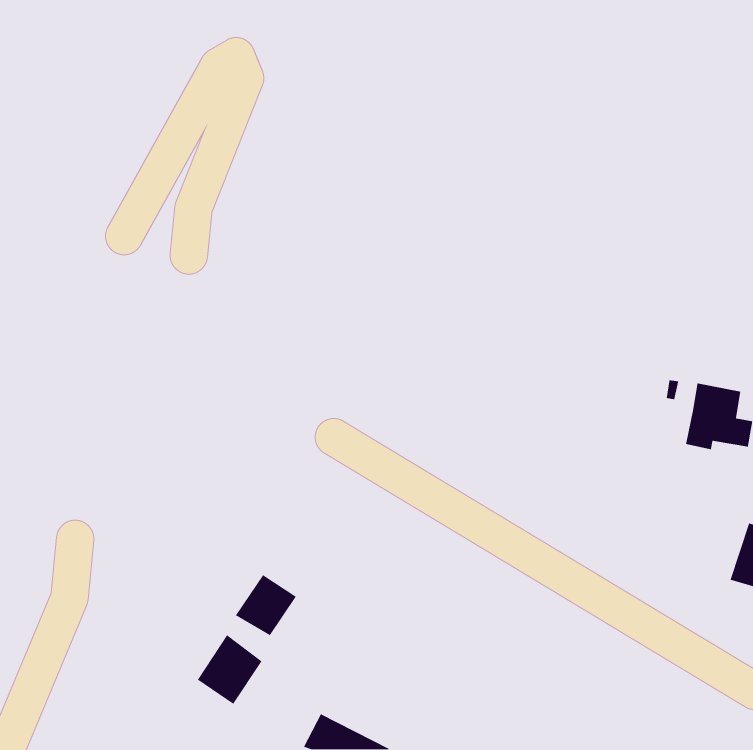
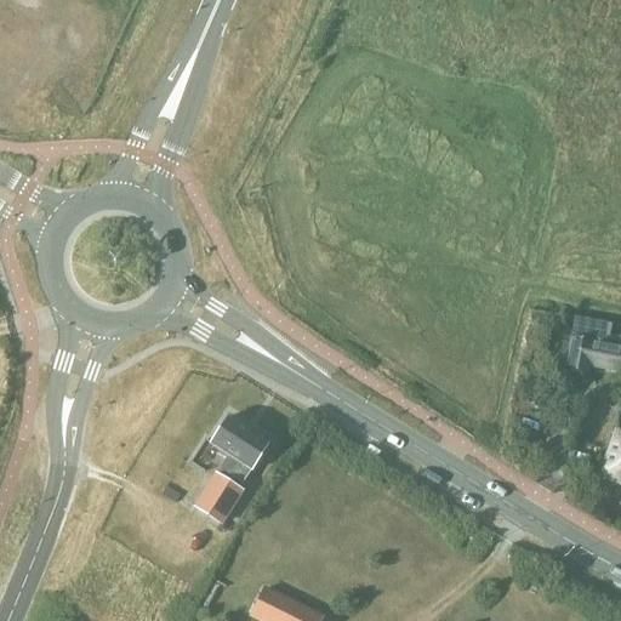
building: none -> [211,416,269,482]
building: [197,634,263,705] -> none

